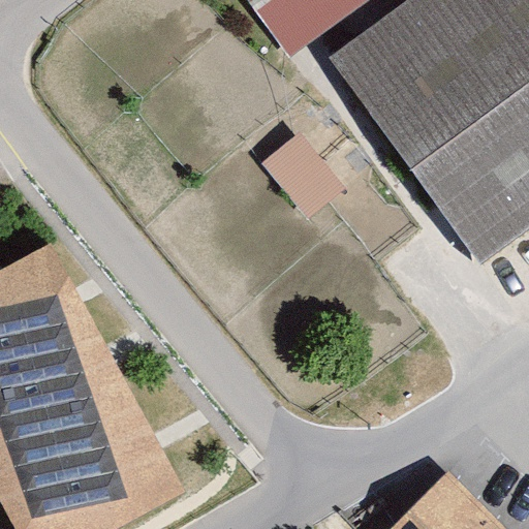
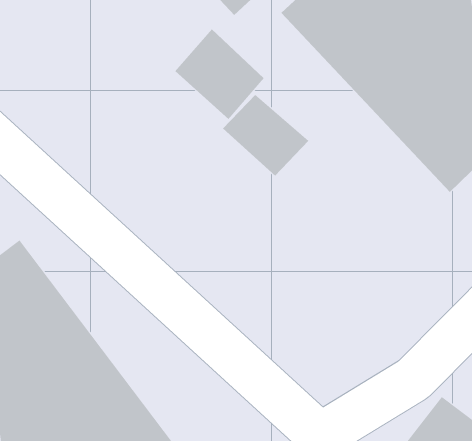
building: none -> [175,28,264,120]

